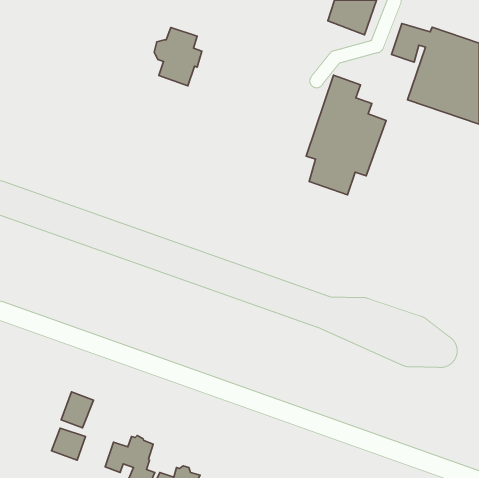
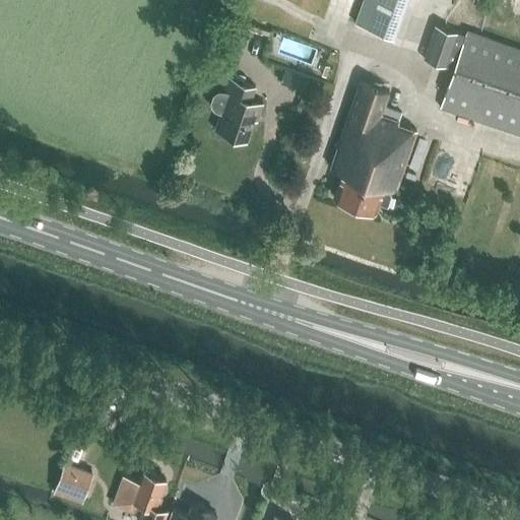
building: [154,28,202,86] -> [210,80,262,143]
building: [61,392,94,428] -> none

